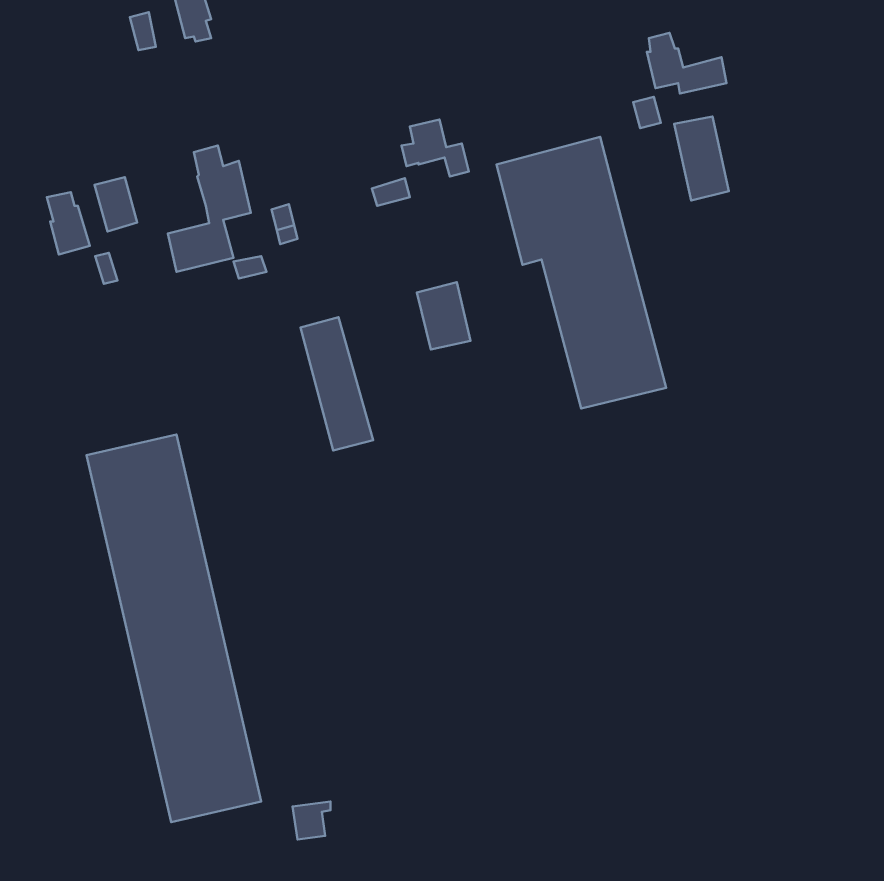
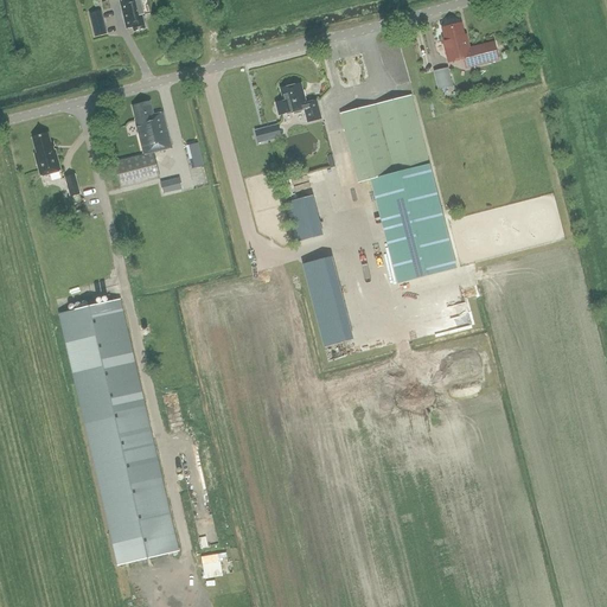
building: [674,116,729,200] -> none
building: [94,177,137,231] -> none
building: [300,317,373,450] -> [302,254,352,345]

